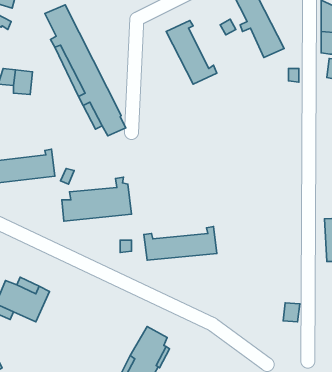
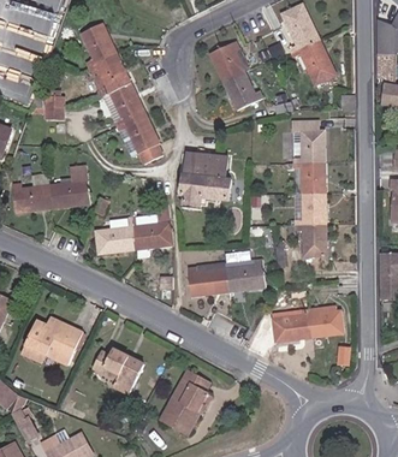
building: none -> [291,117,322,260]
building: none -> [179,153,227,209]
building: none -> [268,310,338,343]
building: none -> [94,348,145,393]

